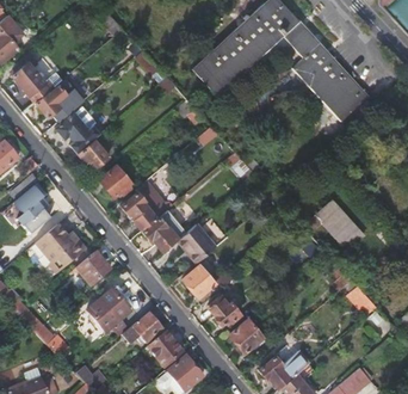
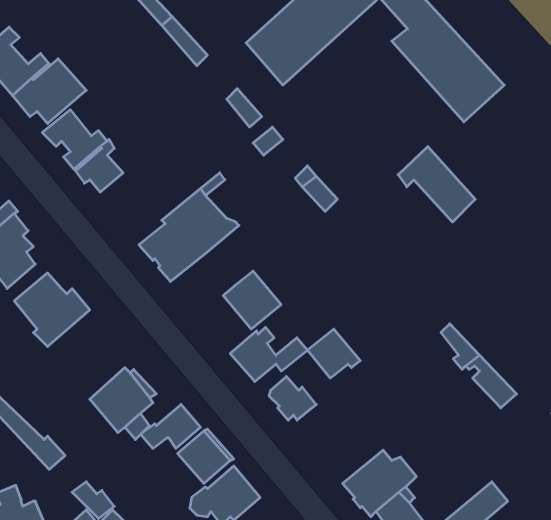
building: [99,165,131,197] -> none
building: [310,201,363,252] -> [398,147,475,222]
building: [142,210,186,253] -> none
building: [75,252,111,288] -> none
building: [229,319,265,352] -> [307,329,360,378]

